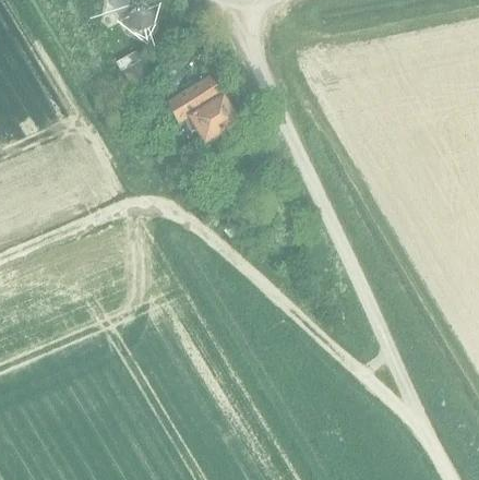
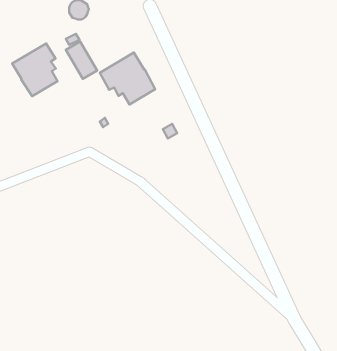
building: none -> [12,44,58,96]

